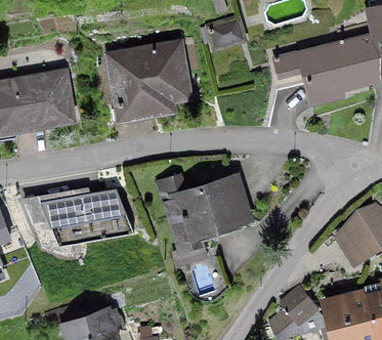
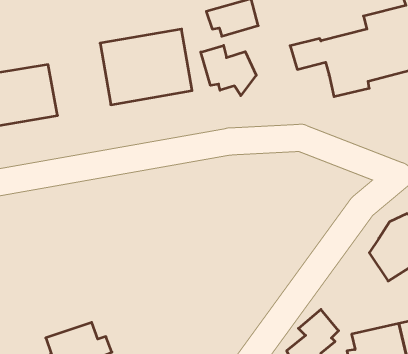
building: none -> [201,45,256,96]
building: [156,174,242,265] -> none
building: [42,187,135,247] -> none

